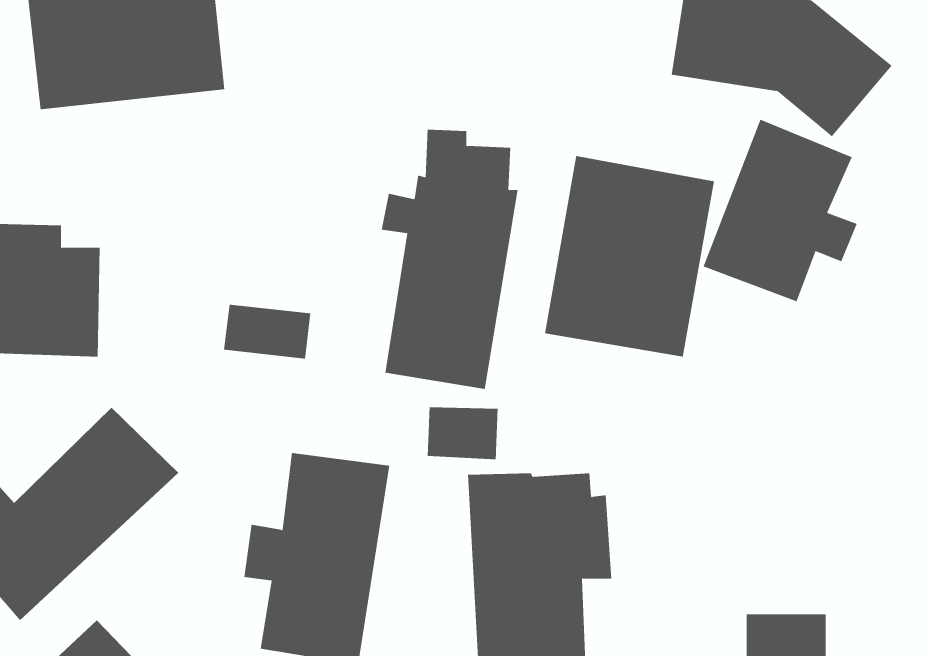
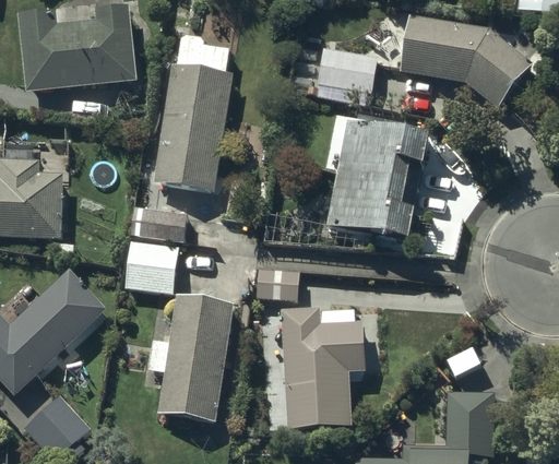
building: none -> [317,47,377,93]
building: [703,119,858,302] -> none
building: [381,129,518,389] -> [151,36,233,191]
building: none -> [124,240,178,293]

